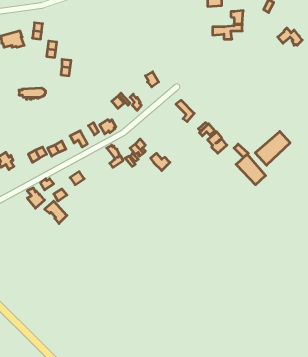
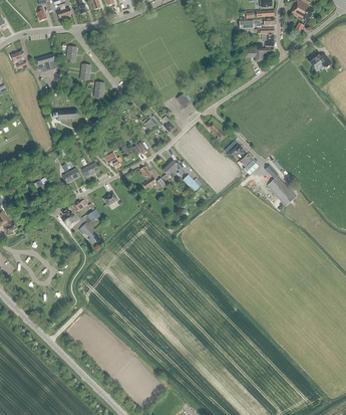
building: [255,131,290,165] -> none

